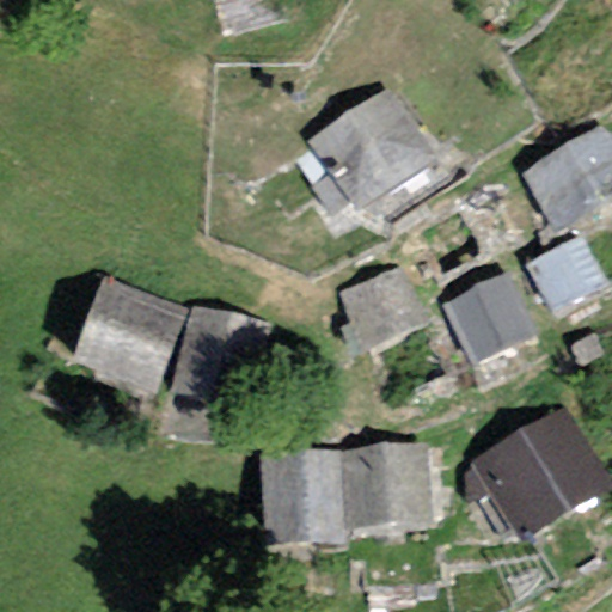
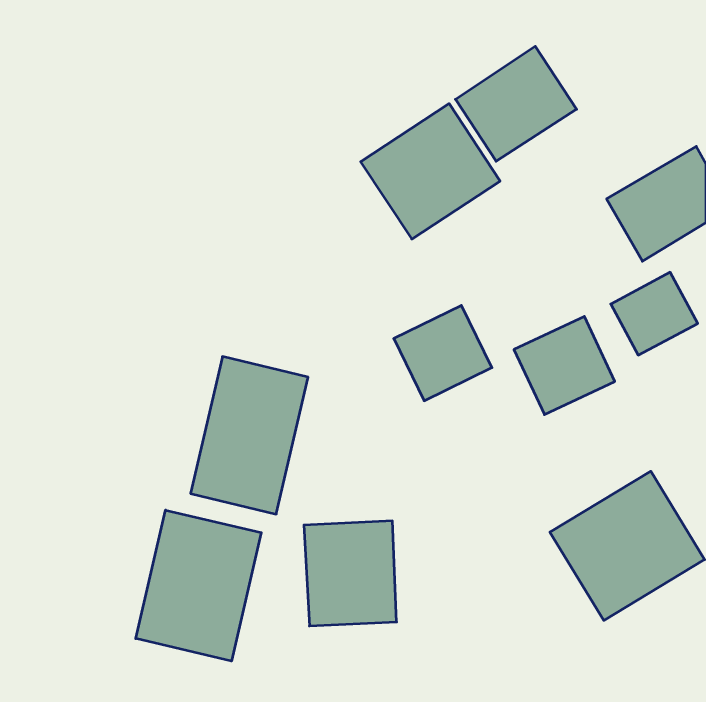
building: none -> [455,46,577,161]
building: [74,280,182,387] -> none
building: none -> [136,510,261,661]
building: [342,443,428,526] -> none

